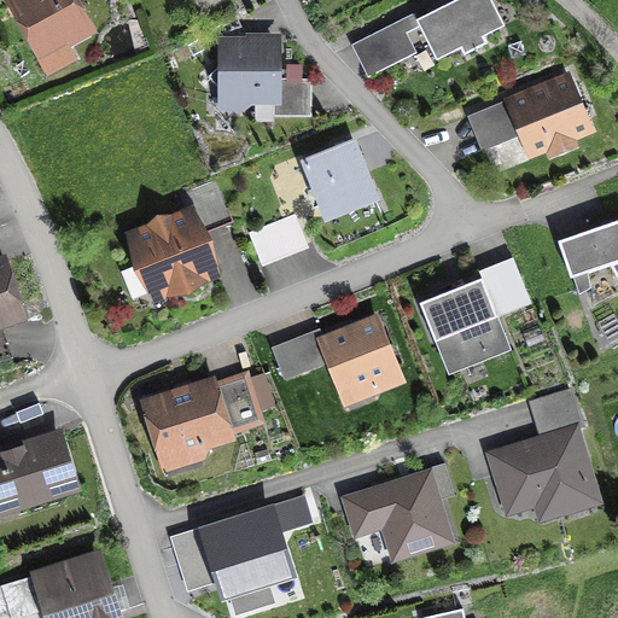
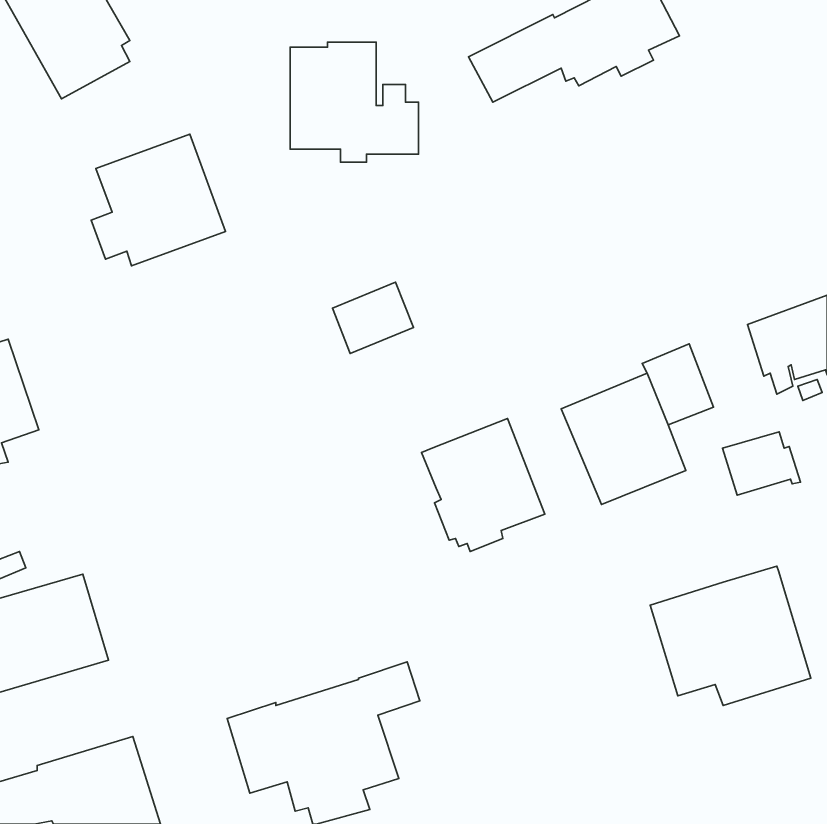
building: [466,69,595,159] -> none
building: [298,138,379,225] -> none
building: [119,205,220,303] -> [91,134,226,266]
building: [270,326,325,379] -> none
building: [138,367,275,474] -> none
building: [527,386,585,433] -> [723,432,800,495]
building: [339,461,459,565] -> none

